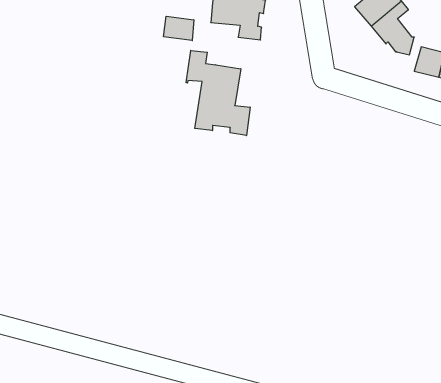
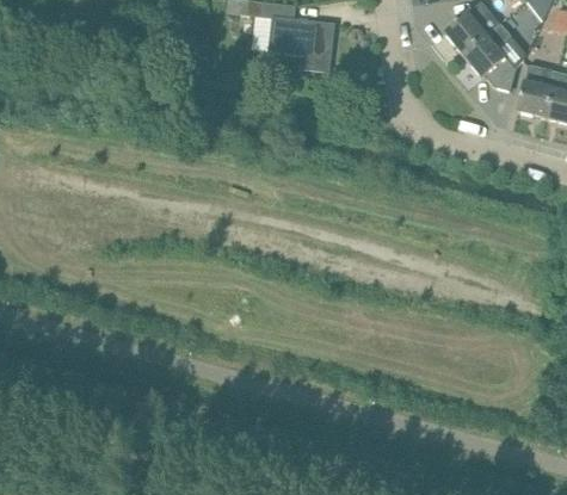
building: [164,16,194,41] -> none
building: [186,50,250,136] -> none

